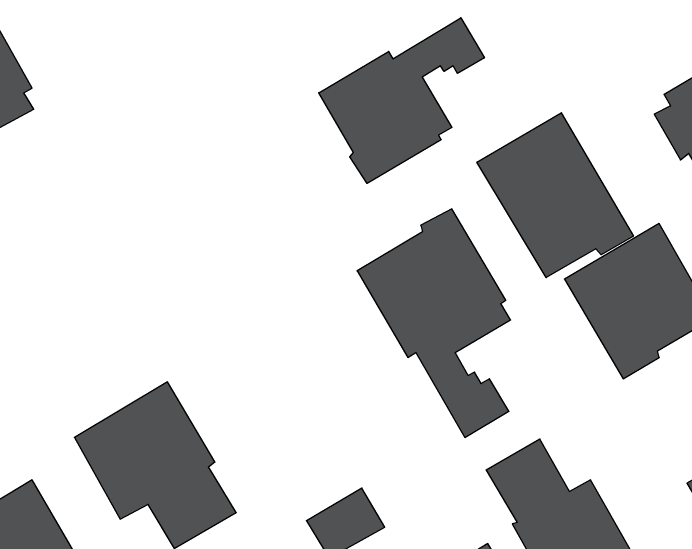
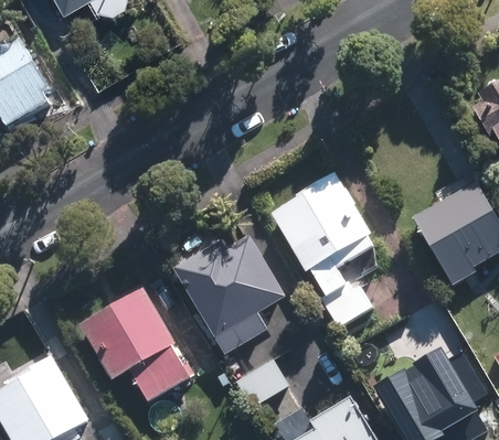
building: [319,18,484,183] -> none
building: [477,113,633,278] -> none
building: none -> [171,234,285,354]

